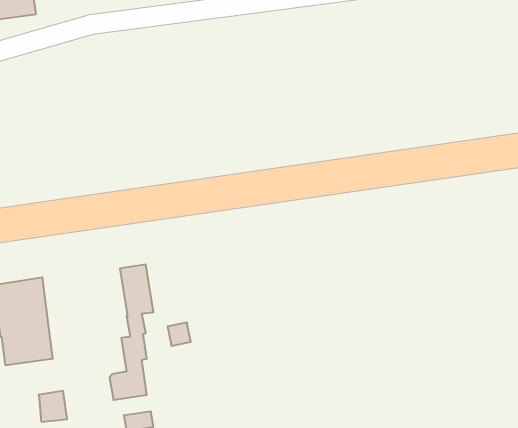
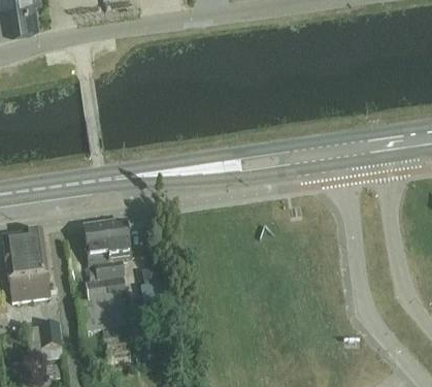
building: none -> [78,222,112,329]

